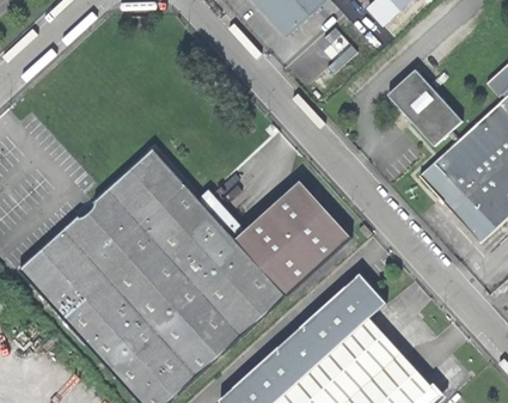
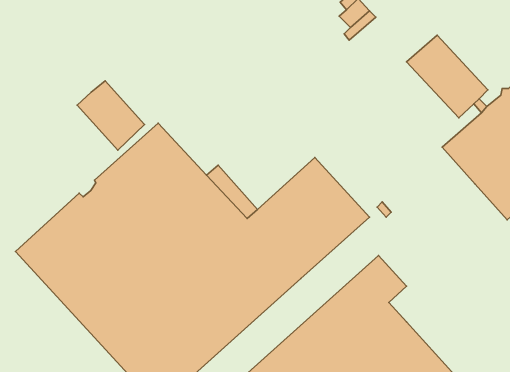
building: none -> [77,81,145,150]

